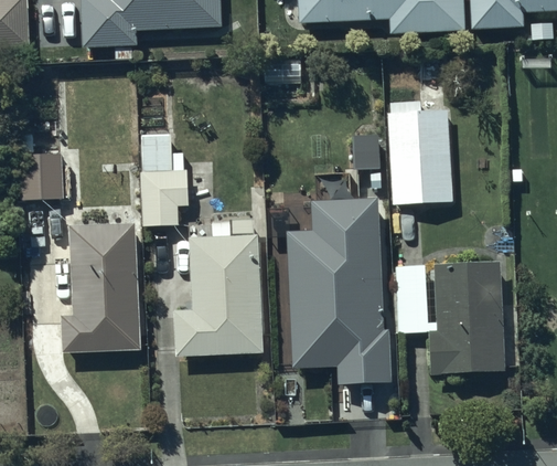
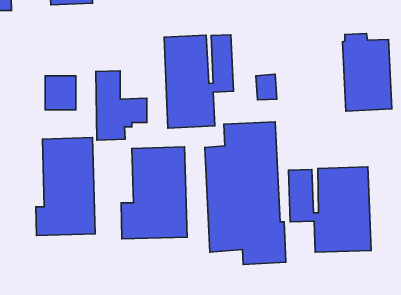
building: none -> [164,35,233,128]
building: [387,100,452,203] -> [342,34,392,111]
building: [21,152,62,198] -> [45,76,76,110]

